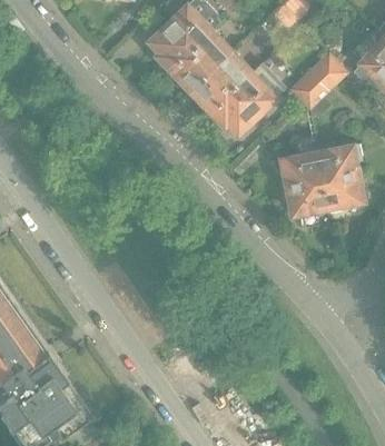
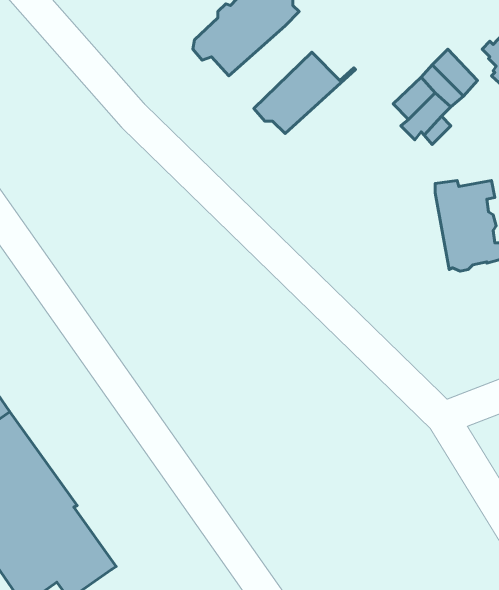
building: [169,34,228,93] -> none
building: [209,66,278,137] -> none
building: [275,153,326,215] -> none

